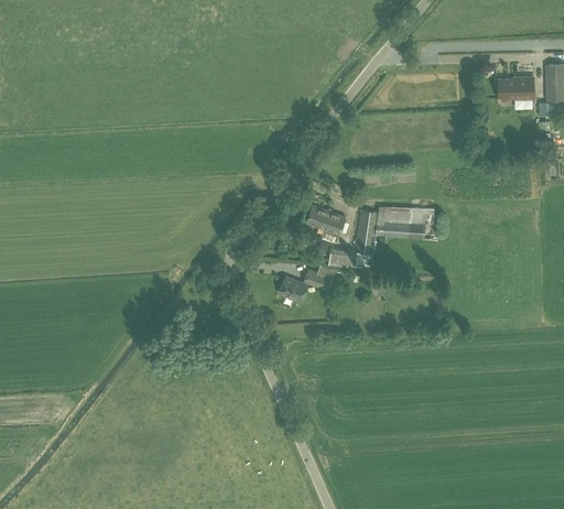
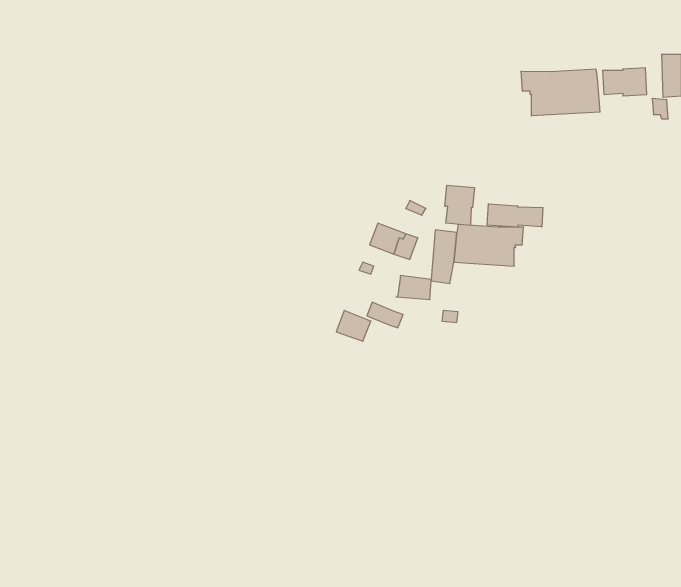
building: none -> [521,69,600,116]
building: none -> [445,185,474,225]
building: none -> [487,204,543,227]

